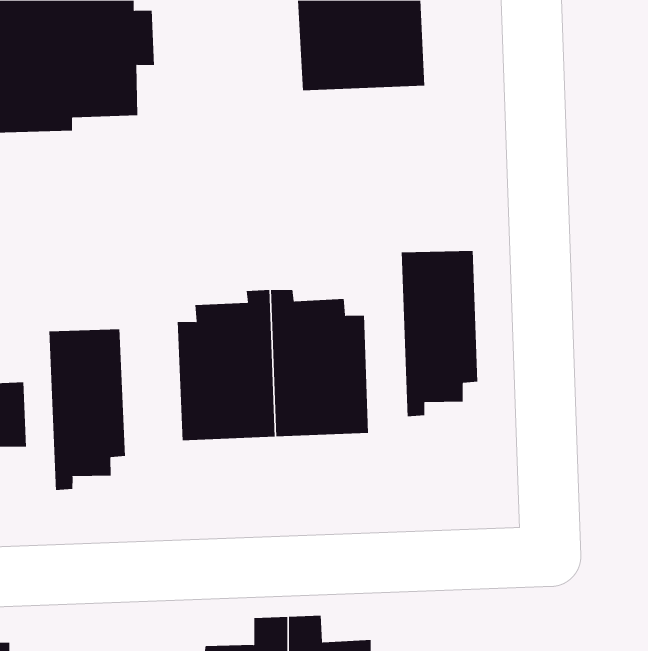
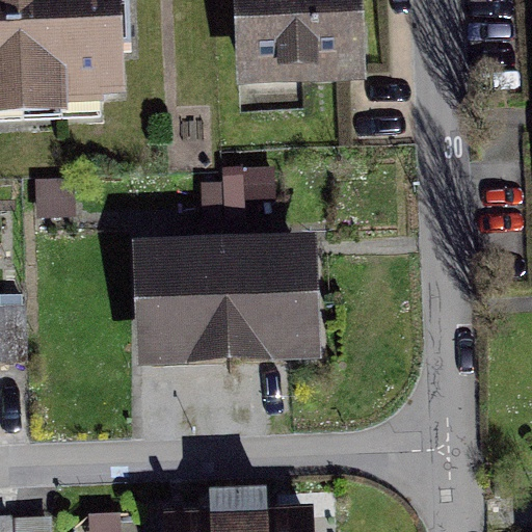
building: [401,250,478,417] -> none
building: [49,328,125,491] -> none

